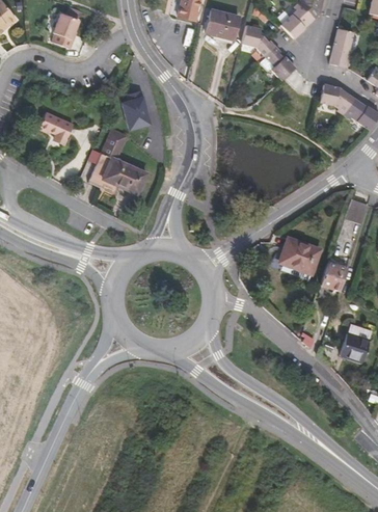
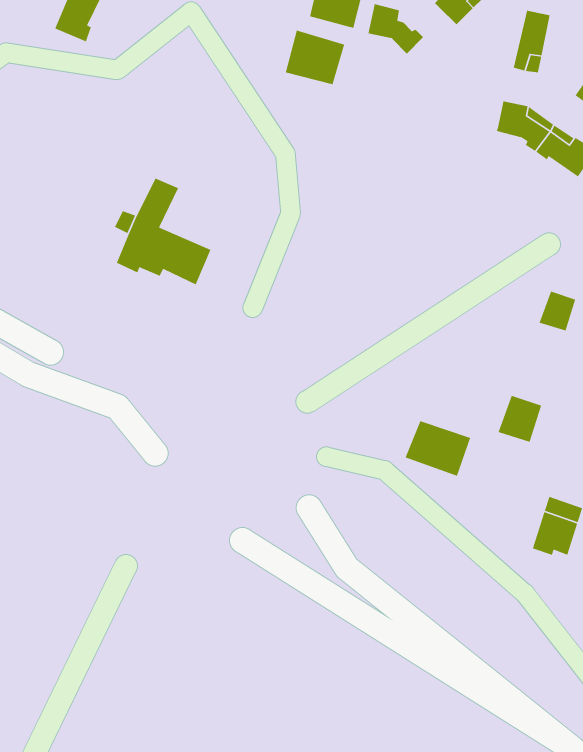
building: none -> [285,30,345,85]
building: [265,45,295,80] -> none
building: [122,90,150,129] -> none
building: [37,112,72,143] -> none
building: [279,238,320,272] -> [405,420,471,477]

